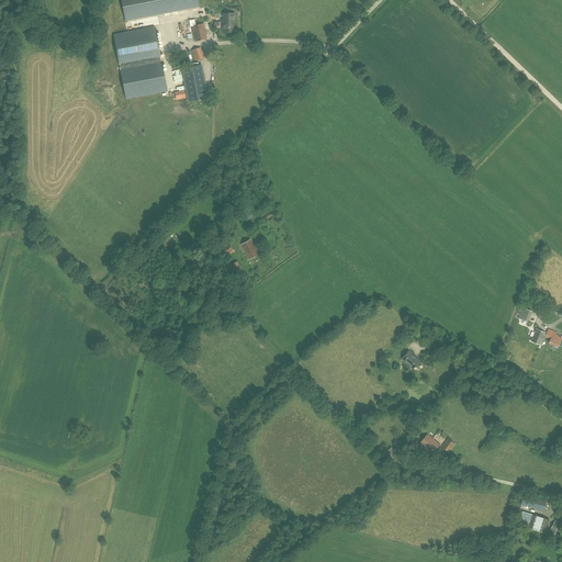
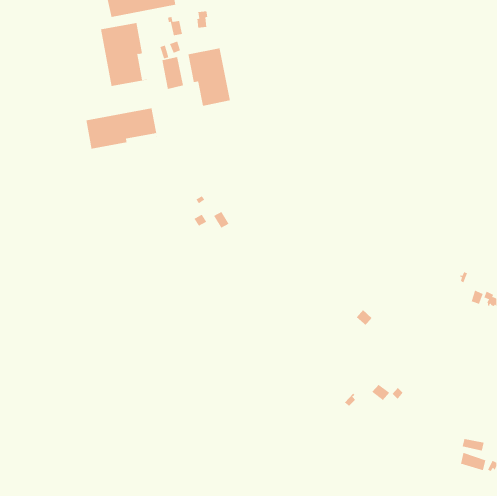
building: none -> [188,47,231,107]
building: none -> [86,108,157,150]

